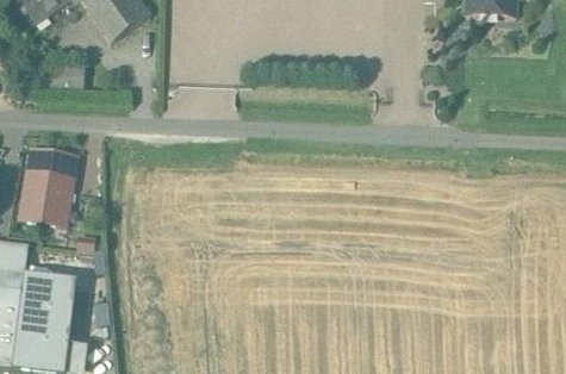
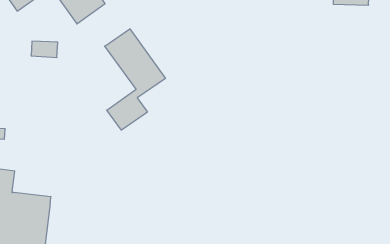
building: none -> [105,29,165,130]
building: [15,144,79,227] -> none

